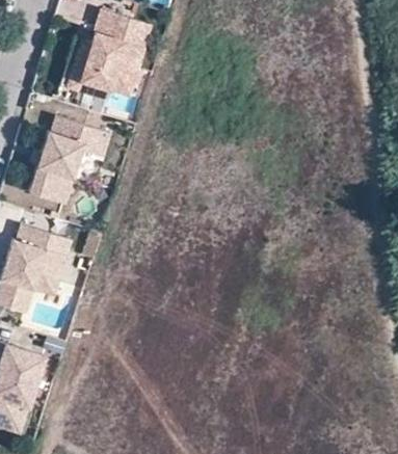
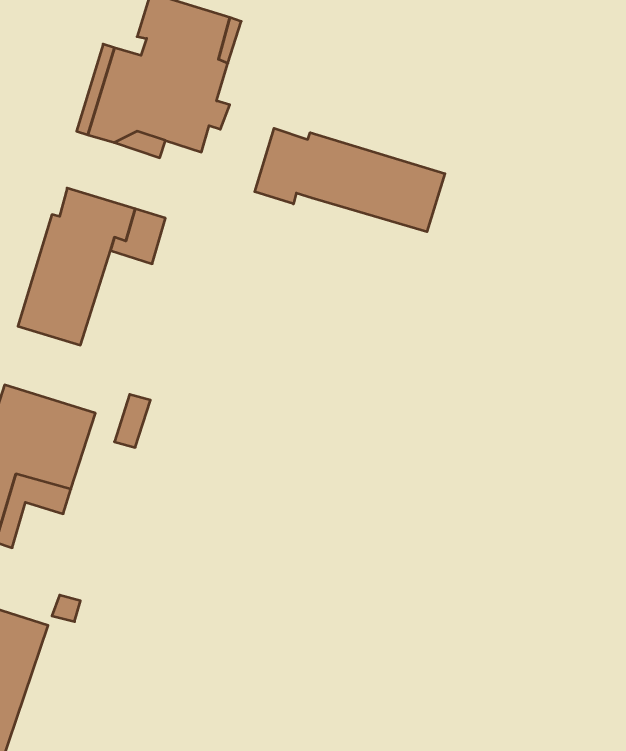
building: none -> [255,128,445,232]

